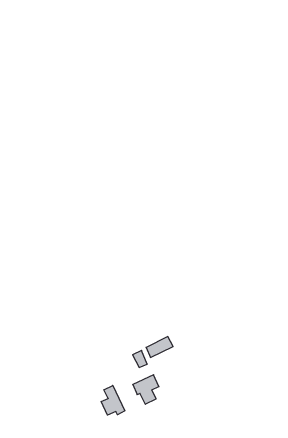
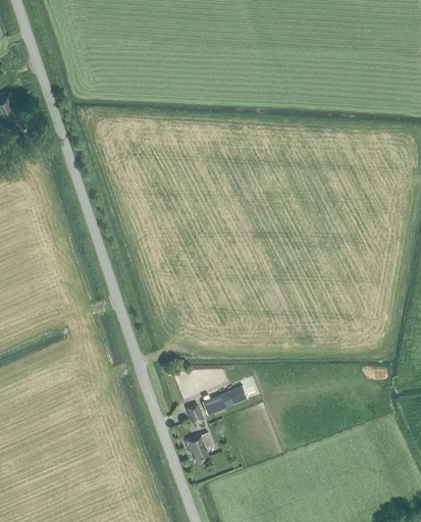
building: [101,385,125,415] -> none

